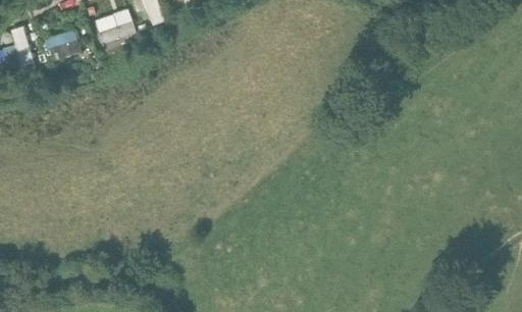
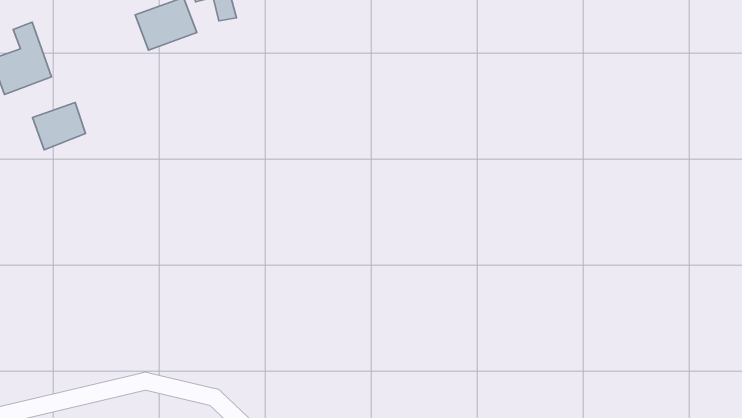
building: [45,29,82,61] -> [33,103,85,150]

